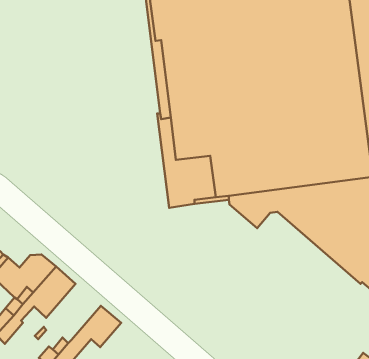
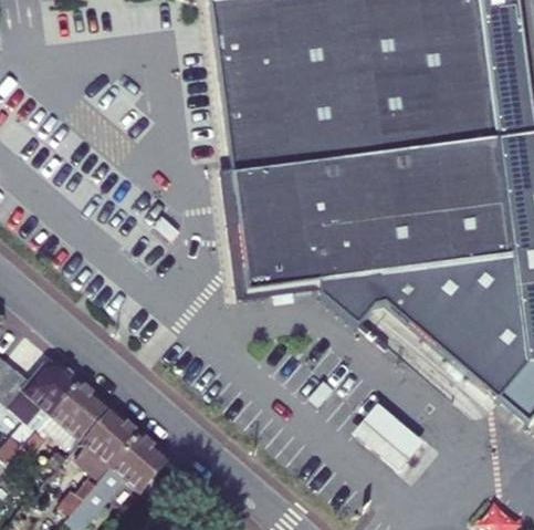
building: none -> [354,401,422,468]
building: none -> [80,403,146,474]

